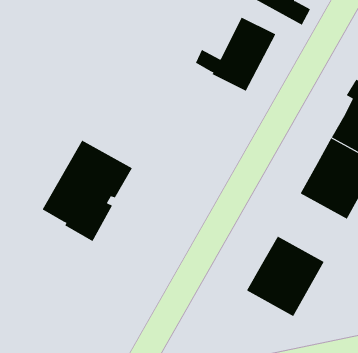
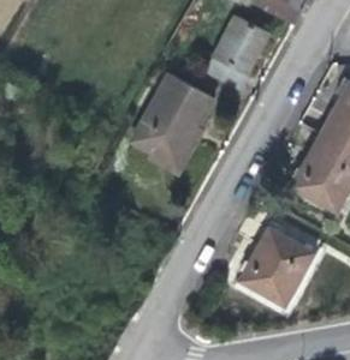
building: [42,140,133,242] -> [130,73,218,172]

